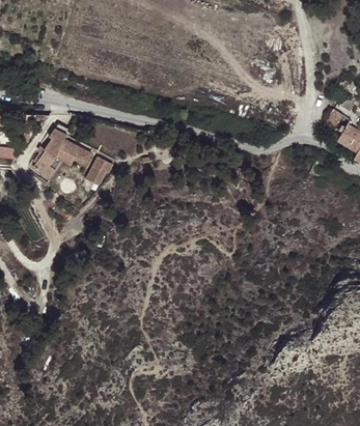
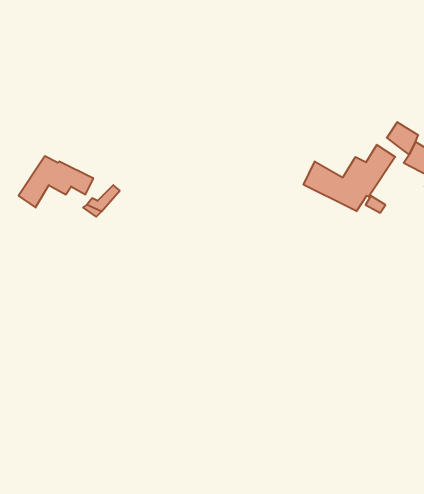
building: none -> [304,145,395,211]

